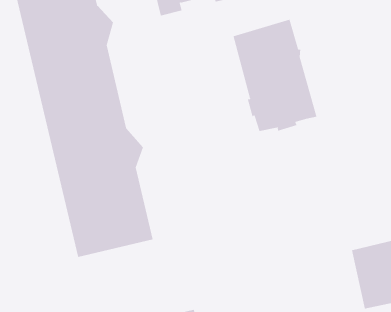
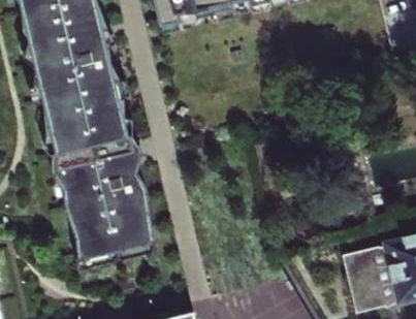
building: [233,19,317,132] -> none

